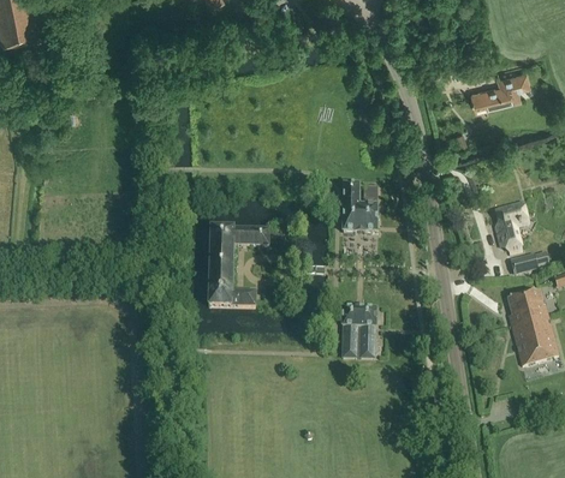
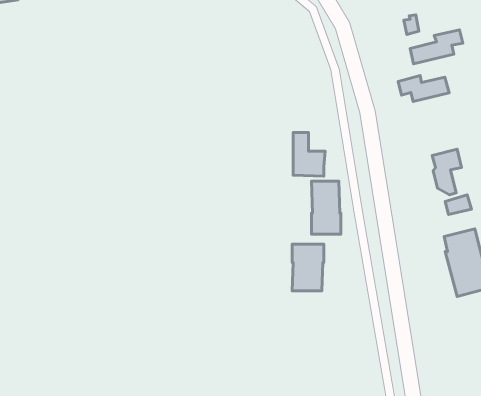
building: none -> [398,76,449,101]
building: [208,228,268,309] -> none
building: none -> [312,181,341,234]

